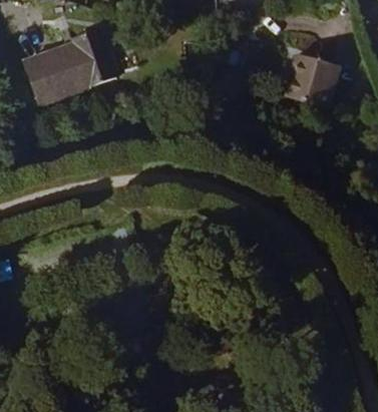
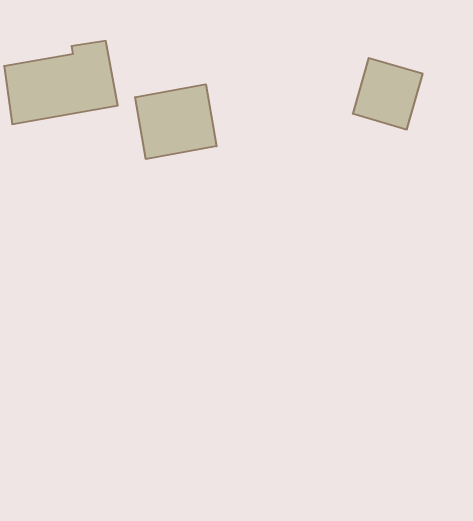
building: none -> [135,84,217,159]

